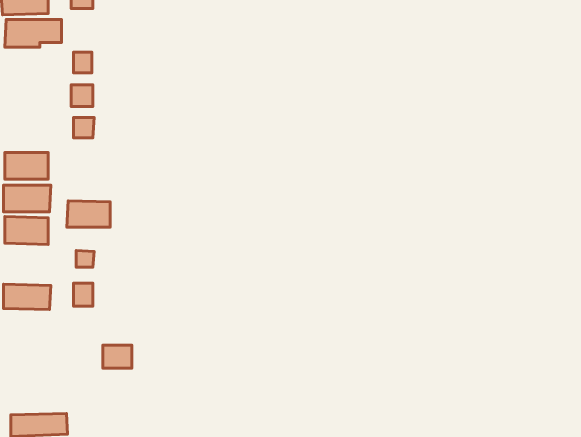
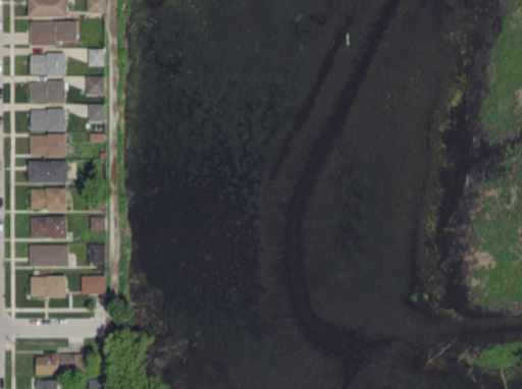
building: none -> [30,53,65,74]
building: none -> [30,81,65,102]
building: none -> [31,109,65,130]
building: [67,201,110,227] -> [30,216,66,238]
building: none -> [31,276,65,297]
building: [103,345,132,368] -> [81,275,105,294]

